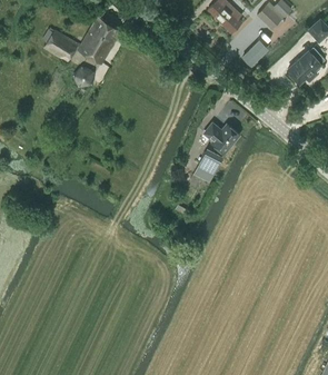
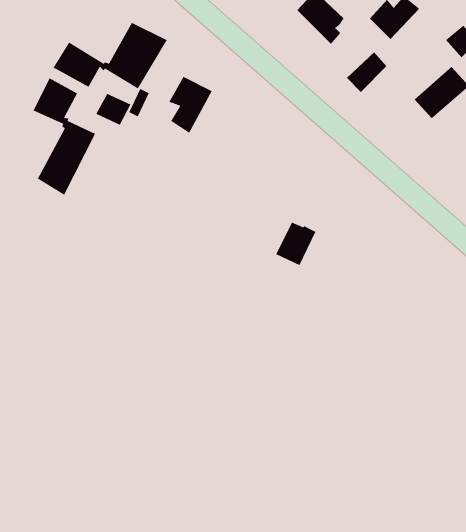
building: none -> [168,76,213,134]
building: none -> [32,77,96,196]
building: [203,124,239,152] -> none

